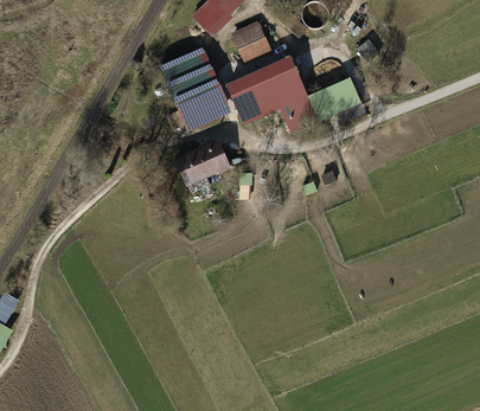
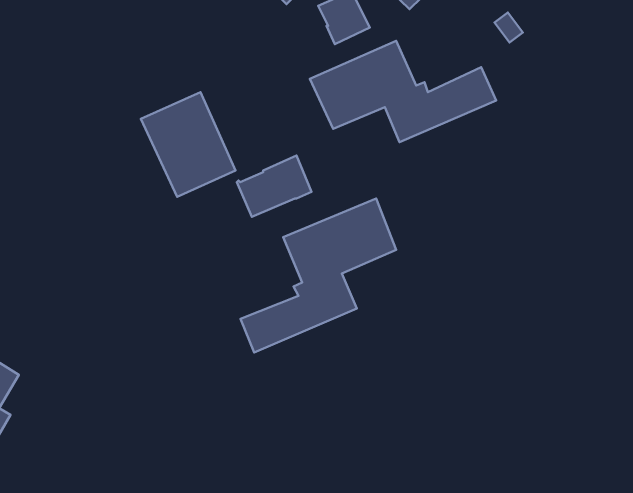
building: [159,47,226,122] -> [141,92,236,197]
building: none -> [240,198,396,352]

